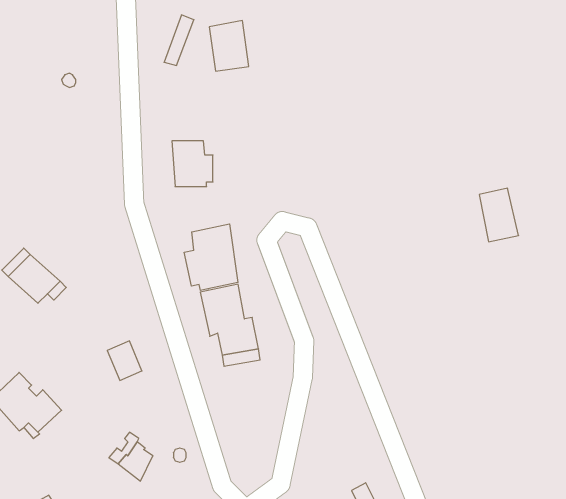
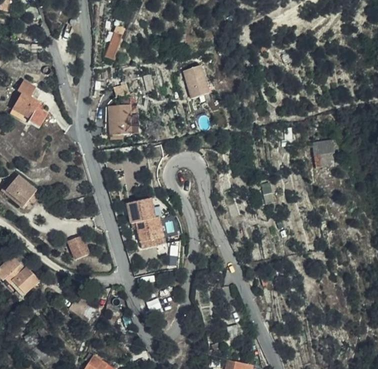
building: [209,21,249,71] -> [179,69,204,101]
building: none -> [6,79,44,127]
building: [184,224,238,290] -> none

